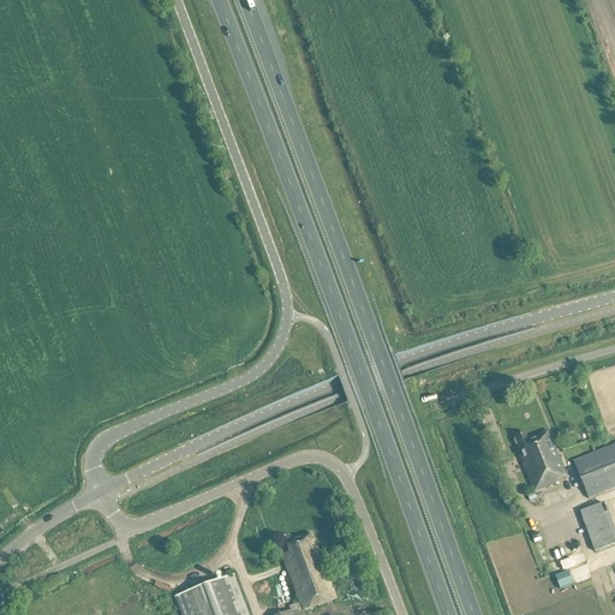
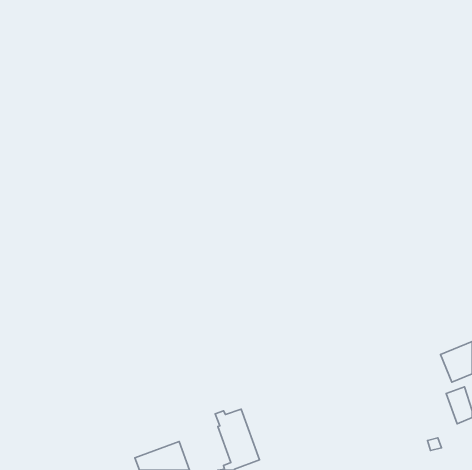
building: [514,431,566,492] -> none

